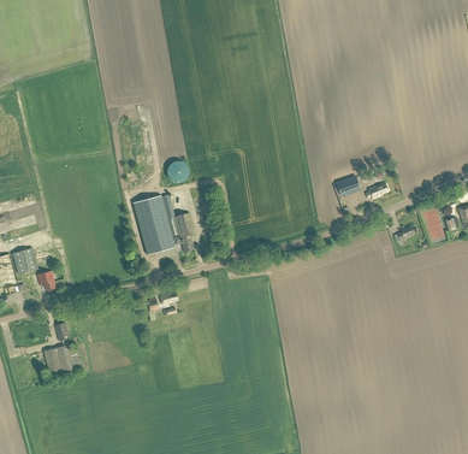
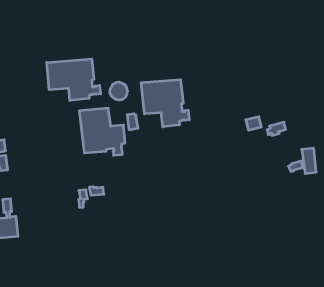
building: none -> [47,59,101,101]
building: none -> [141,80,189,127]

